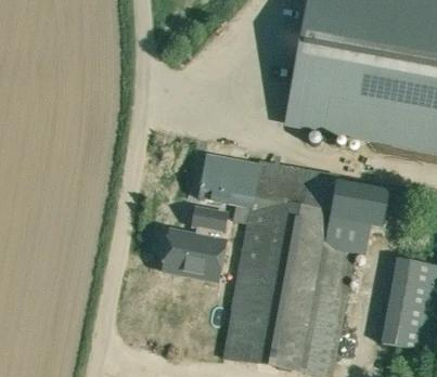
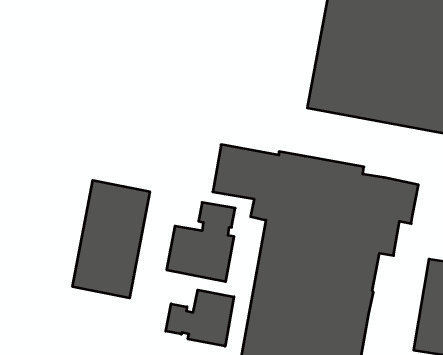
building: none -> [73,180,150,298]
building: none -> [166,290,234,346]

